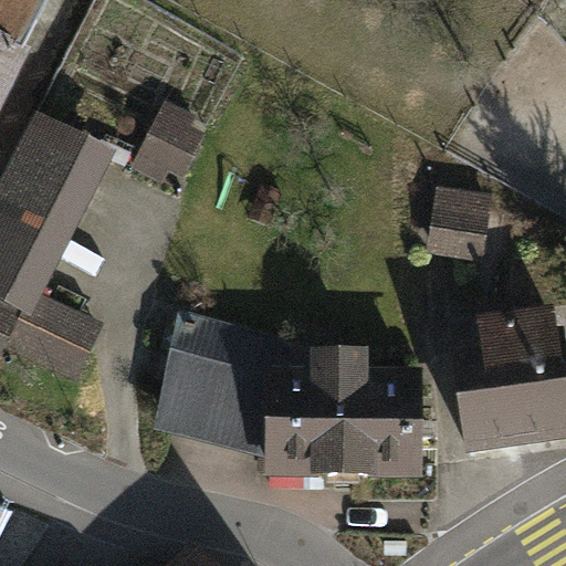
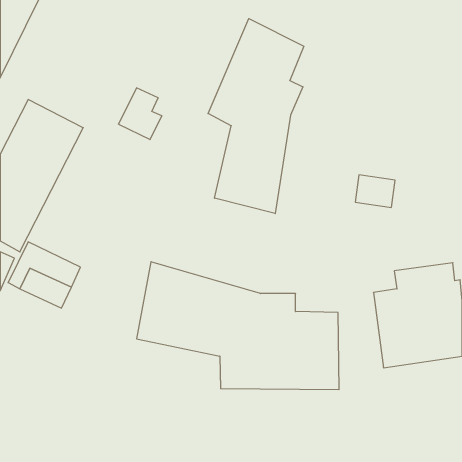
building: none -> [208,19,304,214]

